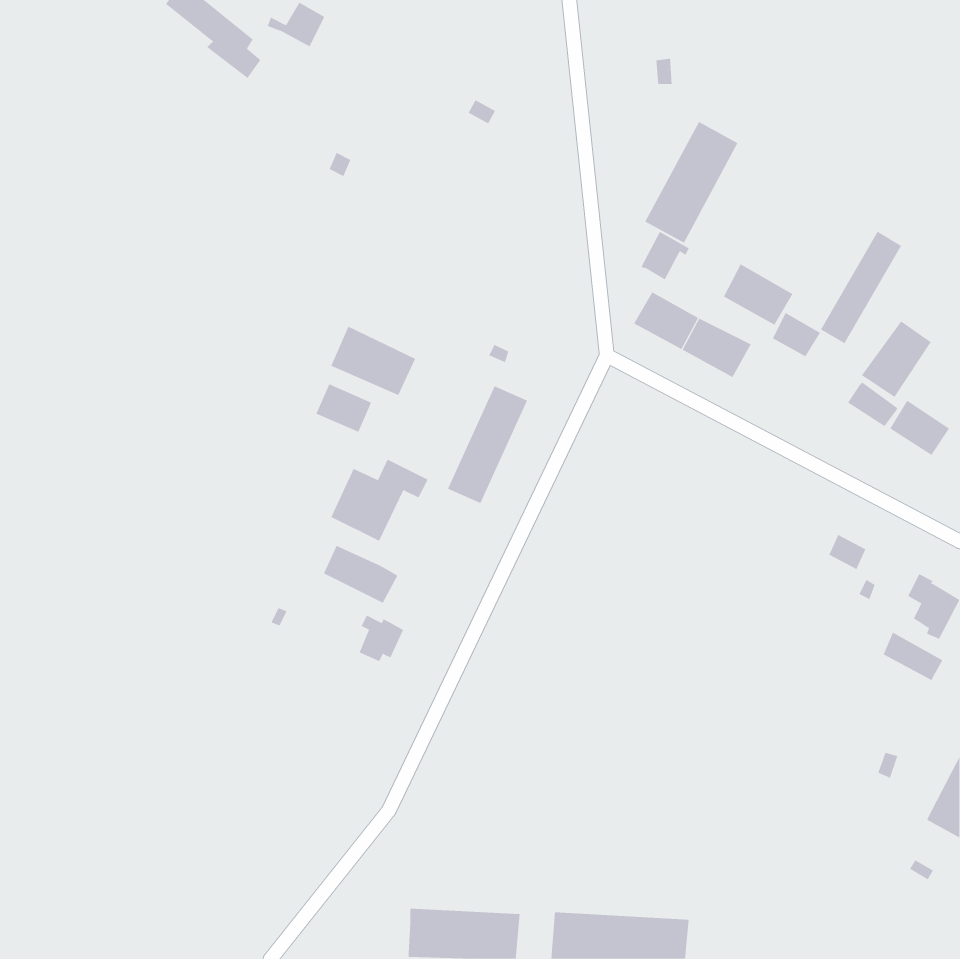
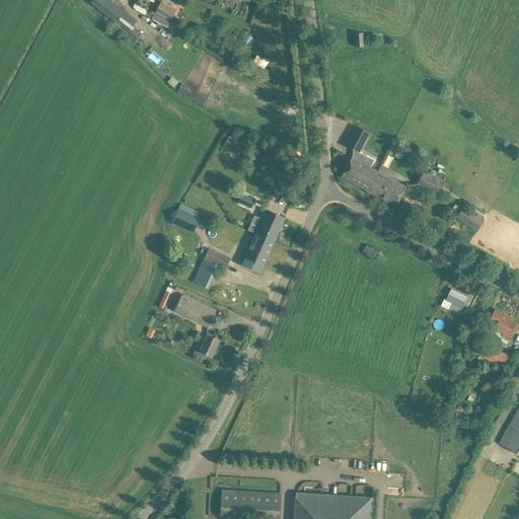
building: [645,121,738,244] -> none
building: [820,231,902,344] -> none
building: [723,263,793,325] -> none
building: [861,321,932,398] -> none
building: [331,326,416,396] -> none
building: [889,400,950,456] -> none

